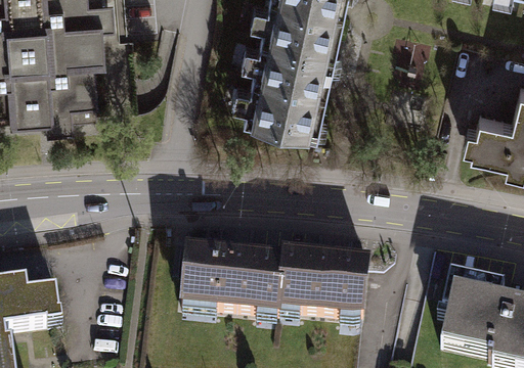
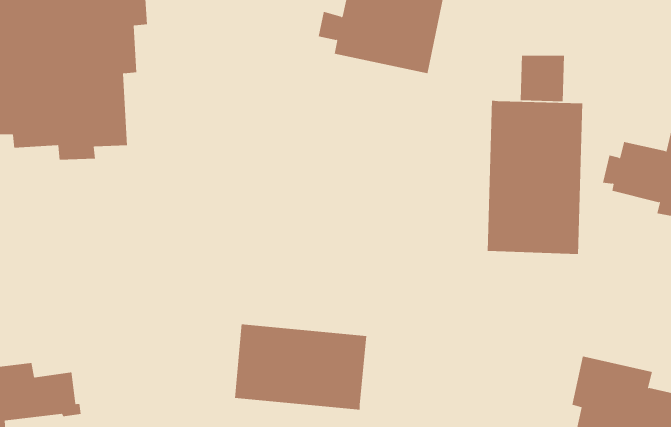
building: [228,43,331,140] -> none
building: none -> [487,100,583,255]
building: [278,257,370,321] -> none

